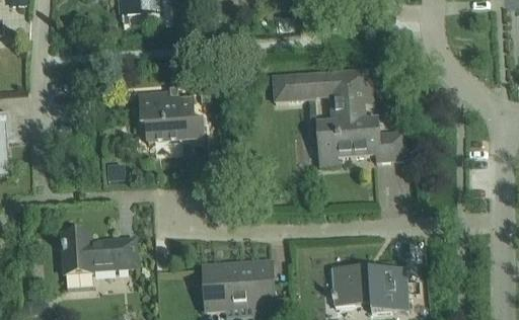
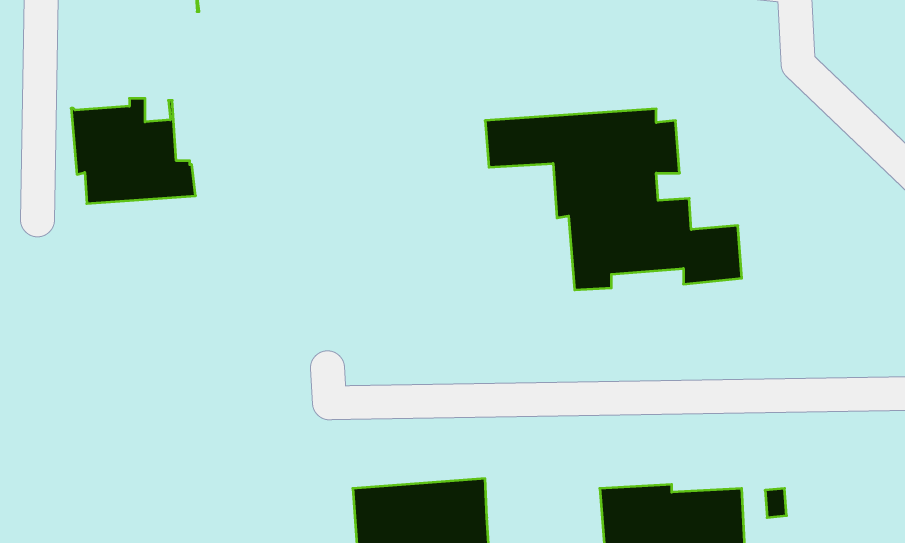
building: [139,85,204,140] -> [71,98,196,204]
building: [62,230,137,287] -> none

